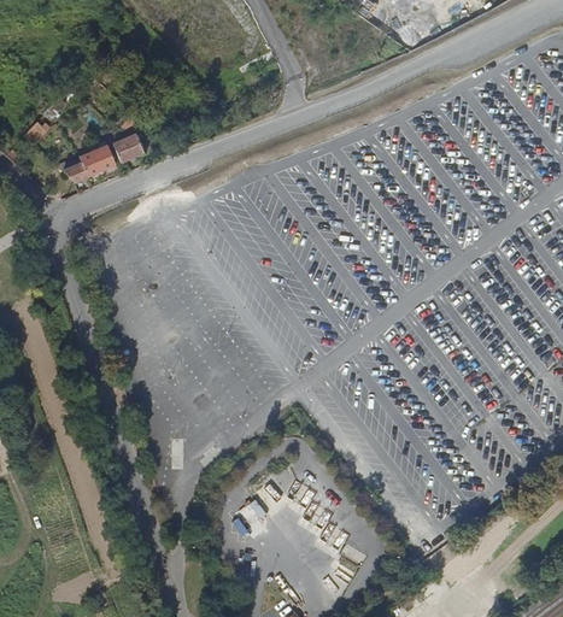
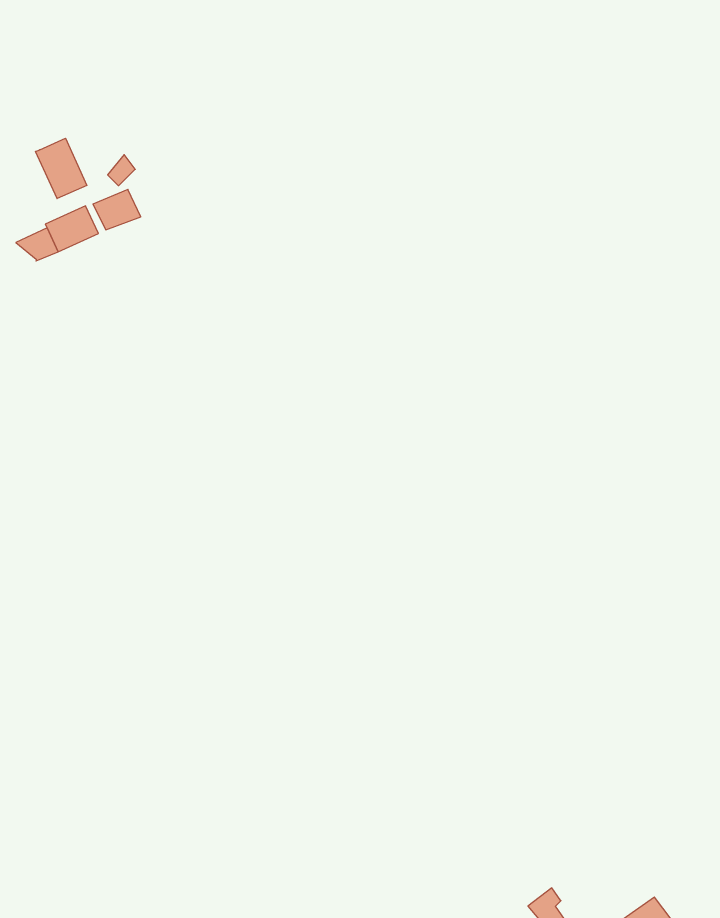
building: none -> [36,138,87,199]

